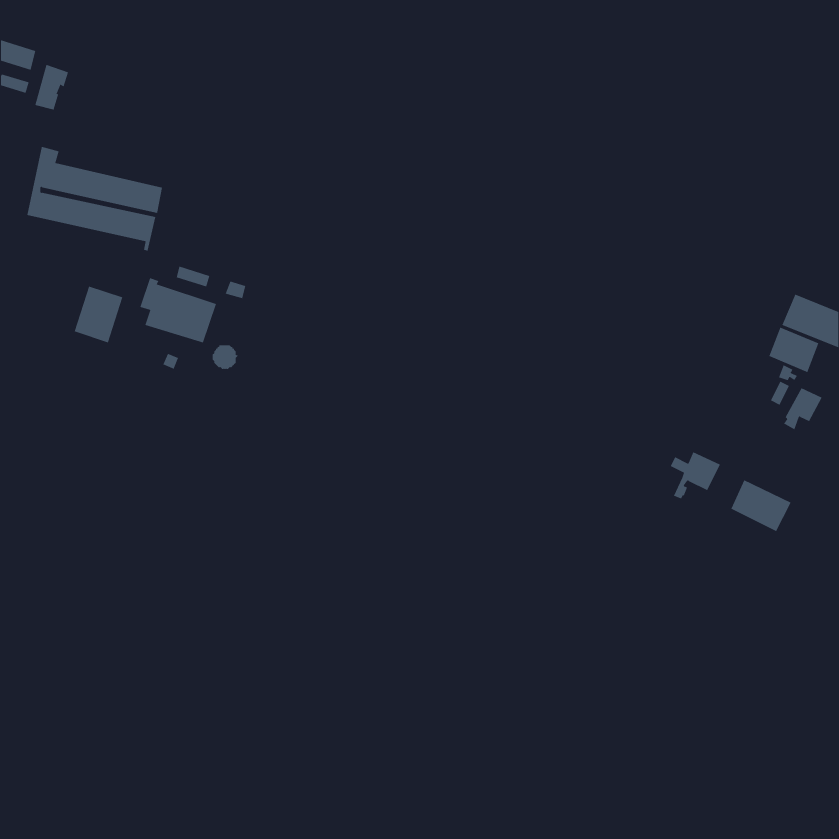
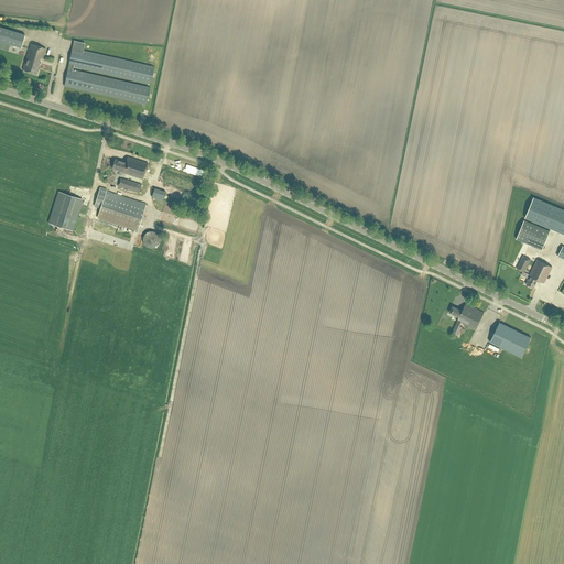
building: [27,146,163,251] -> [63,40,154,110]
building: none -> [112,156,148,178]

